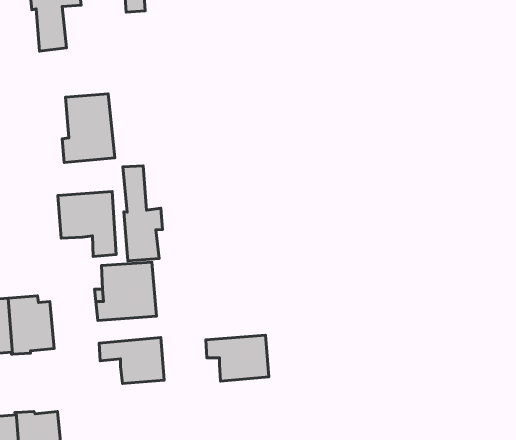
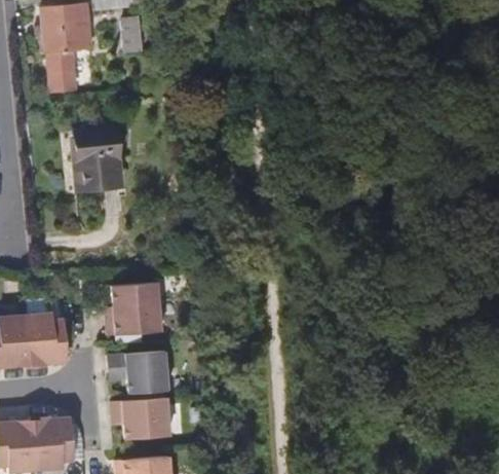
building: [123,166,163,261] -> none
building: [58,191,116,257] -> none
building: [206,335,269,381] -> [112,397,169,439]

